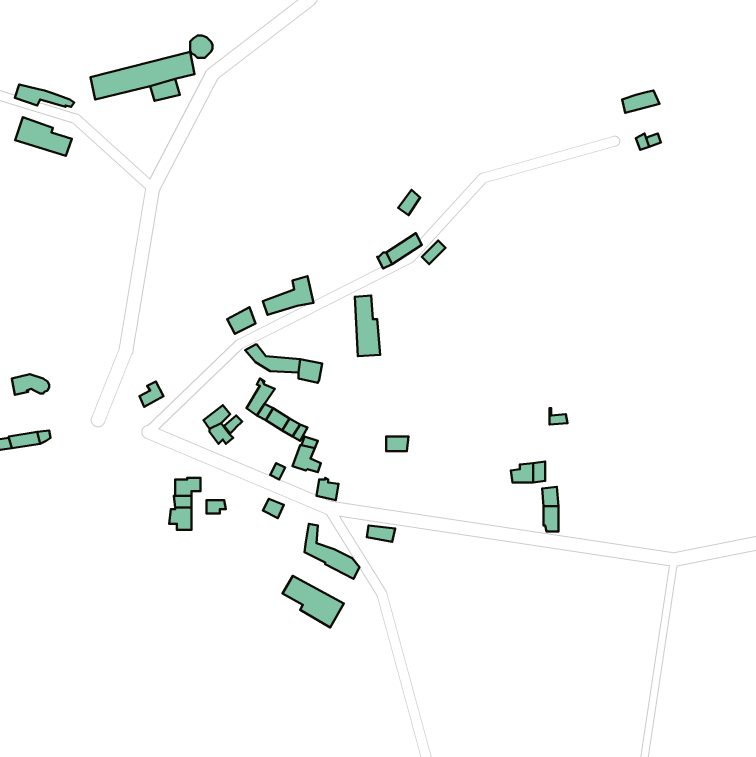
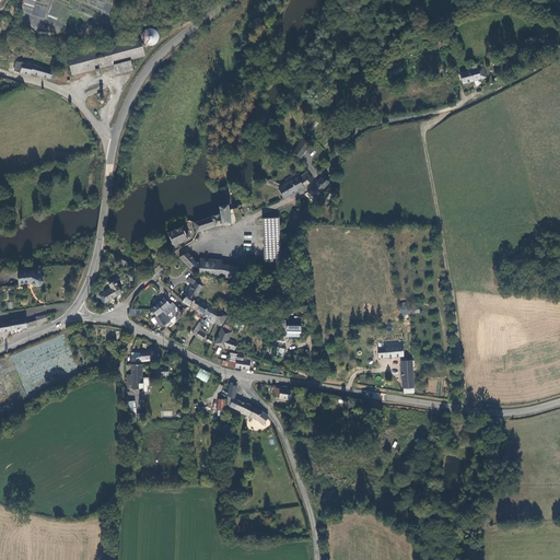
building: [15,117,72,156] -> none
building: [283,576,344,628] -> none

